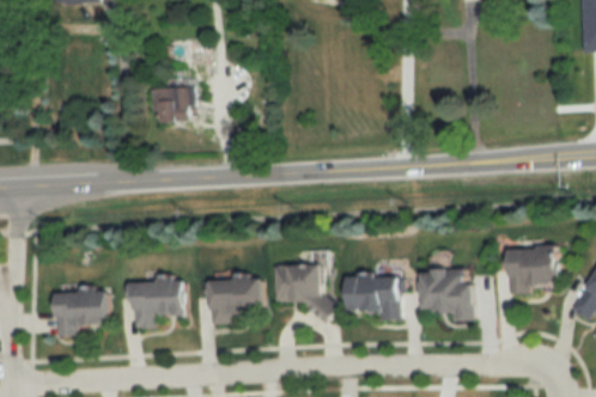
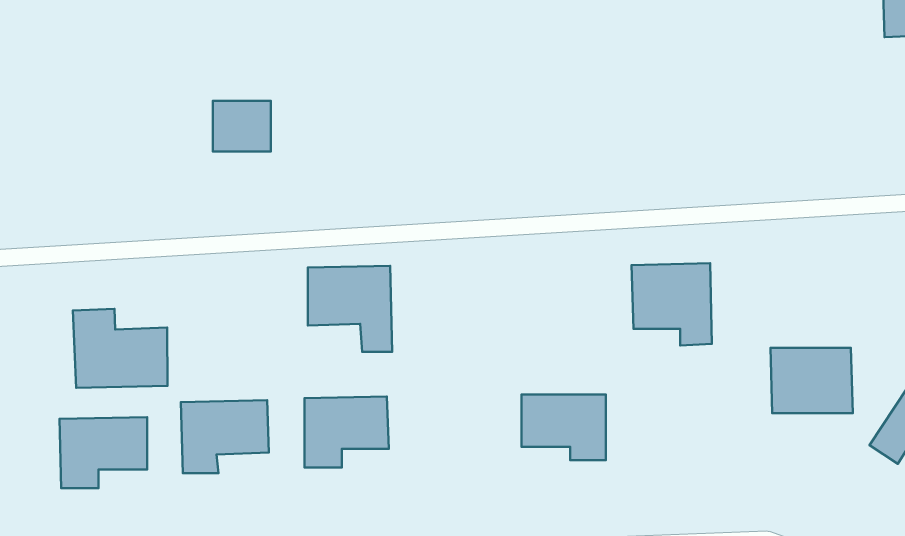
building: none -> [73,309,168,388]
building: [274,264,328,319] -> [308,266,392,352]
building: [421,269,473,322] -> [631,263,712,346]

